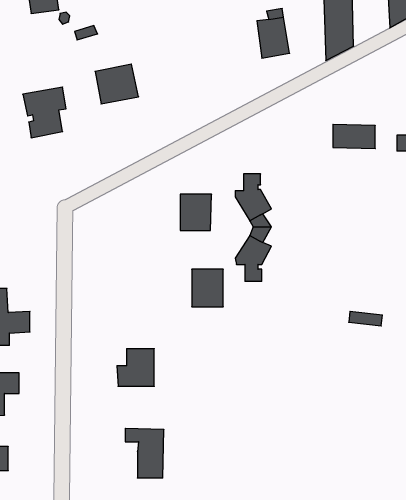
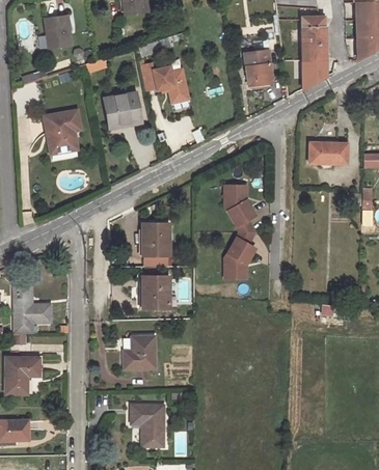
building: none -> [140,62,189,103]
building: [180,194,212,230] -> [143,224,170,255]
building: [192,269,223,307] -> [143,276,170,308]

